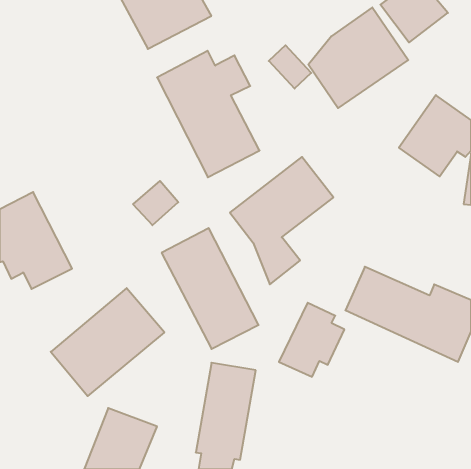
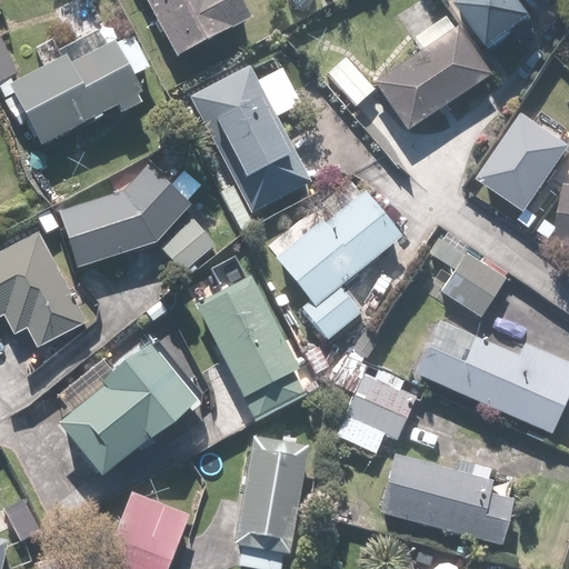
building: none -> [12,32,149,146]
building: none -> [61,163,201,268]
building: none -> [440,251,506,317]
building: none -> [379,455,512,541]

